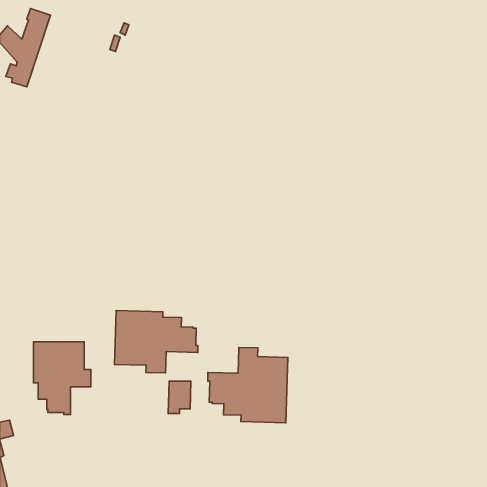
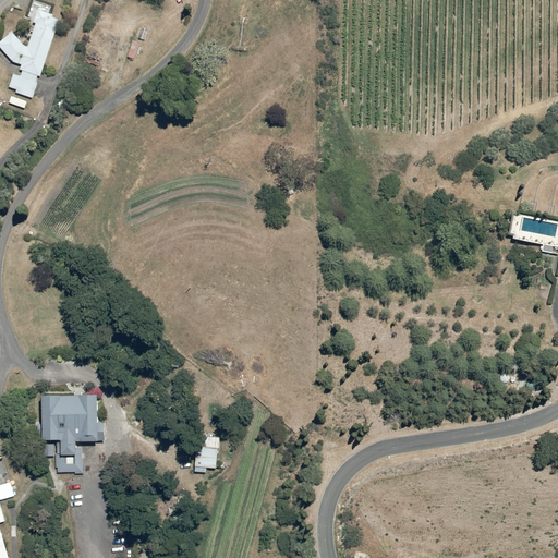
building: [115,311,198,373] -> none
building: [208,347,288,423] -> none

